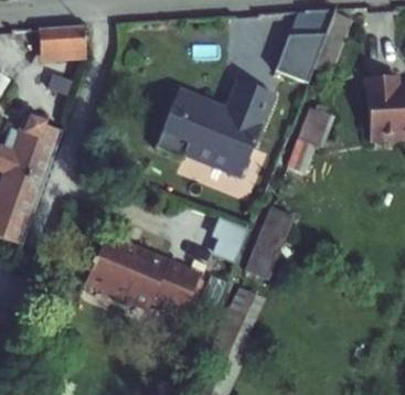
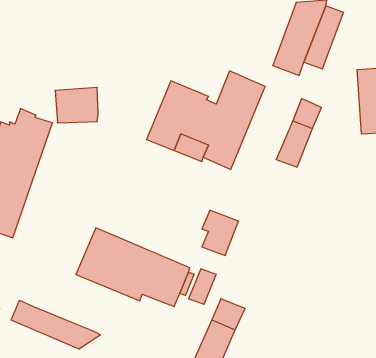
building: [43,25,86,61] -> [55,87,98,123]
building: [244,207,291,278] -> none
building: none -> [11,300,101,349]

